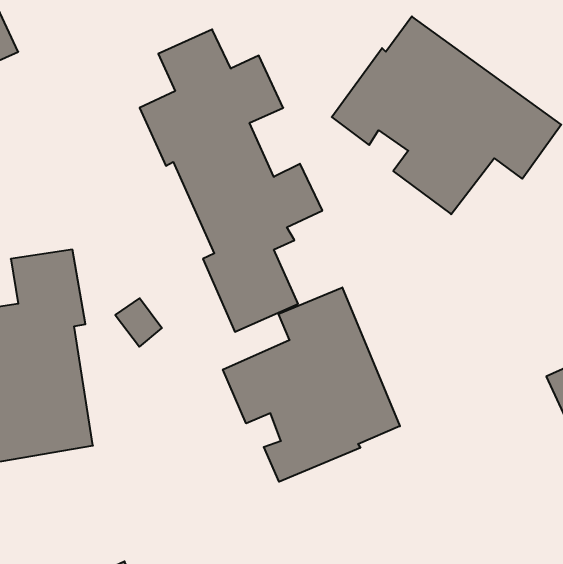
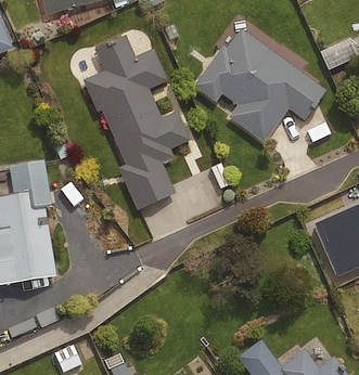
building: [223,287,400,482] -> none

